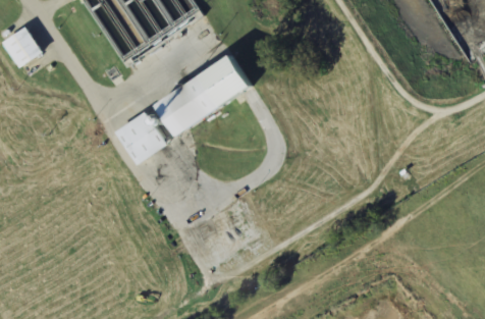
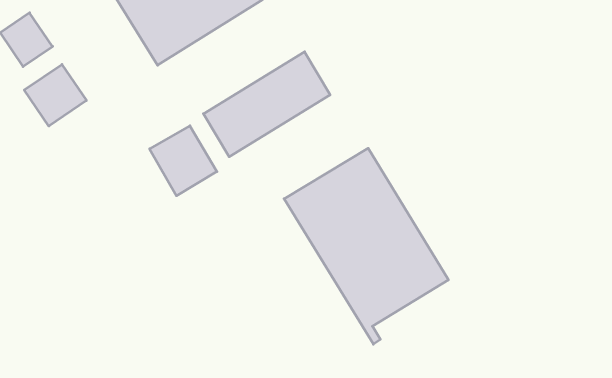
building: none -> [24,64,86,126]
building: none -> [284,148,448,344]

